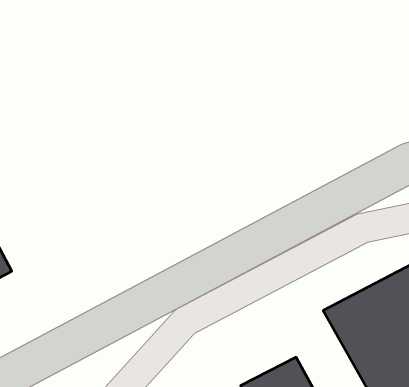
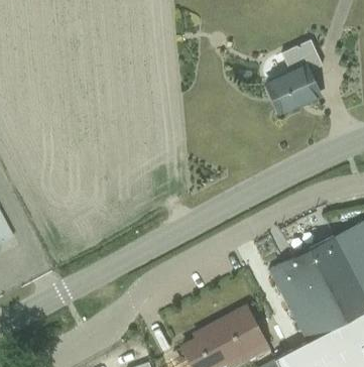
building: none -> [265,41,322,113]

